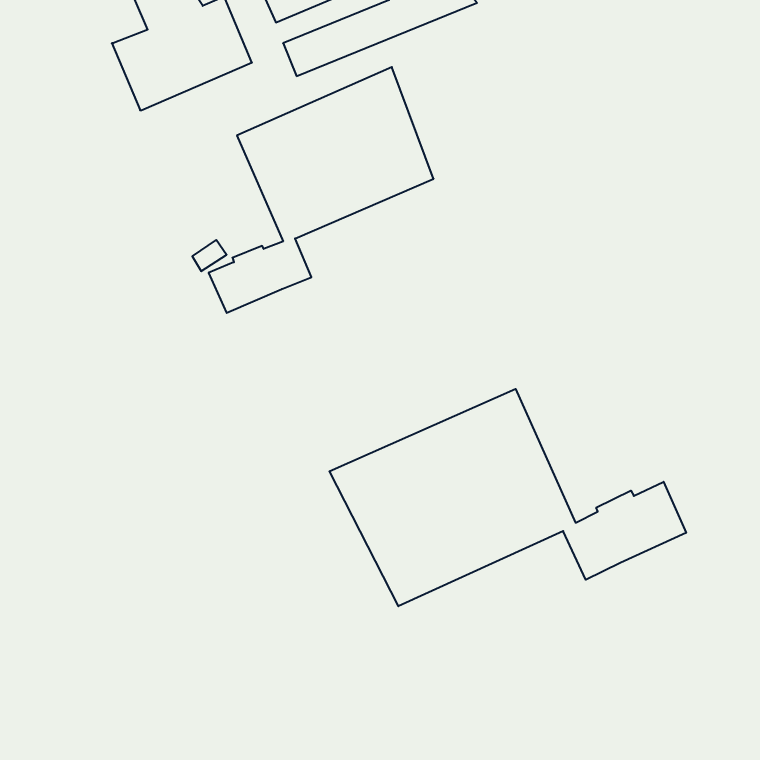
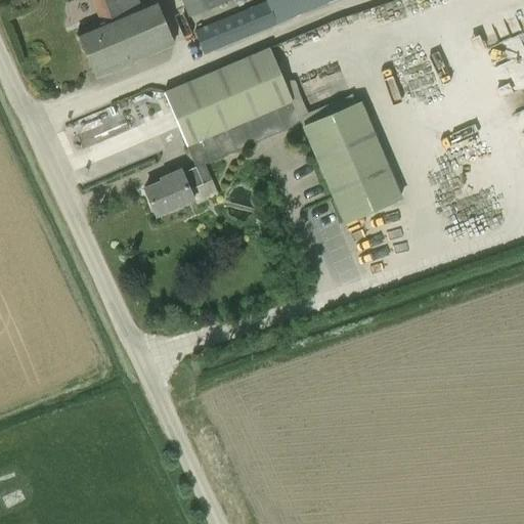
building: none -> [303,101,401,221]
building: [329,389,686,606] -> none

